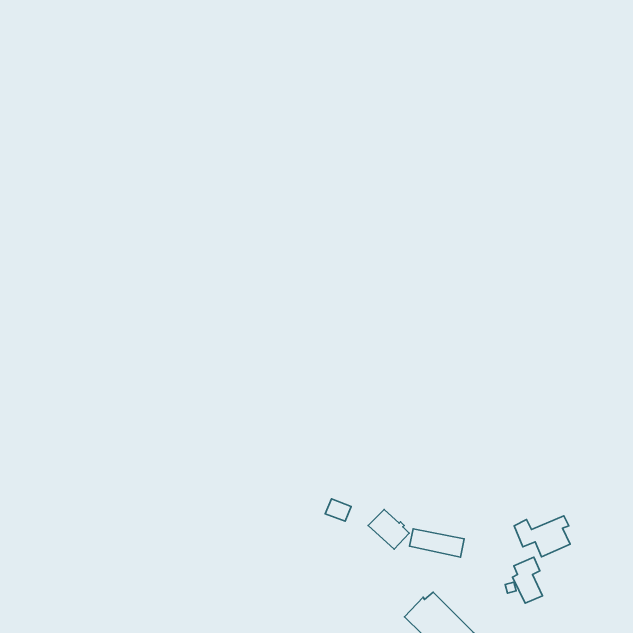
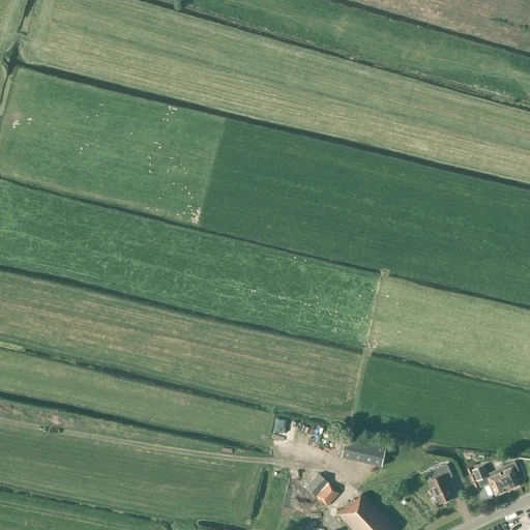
building: [368,509,409,549] -> [305,474,340,507]
building: [514,516,570,557] -> [472,463,519,497]

